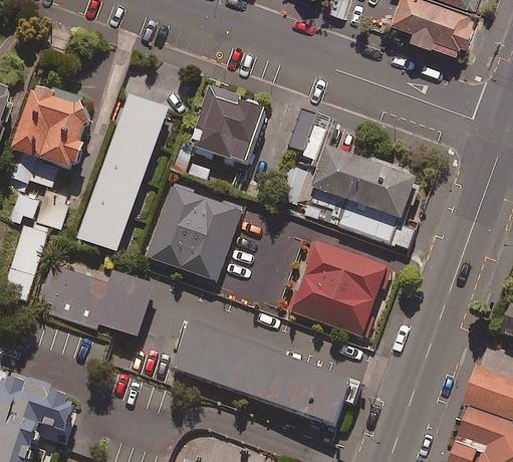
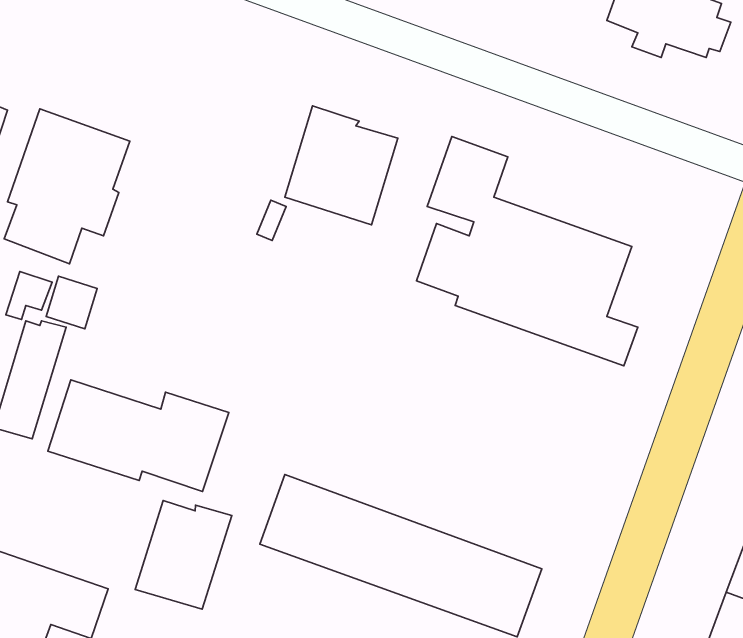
building: [76,92,167,250] -> none
building: [146,182,241,279] -> none
building: [289,238,386,335] -> none
building: none -> [135,500,232,609]

